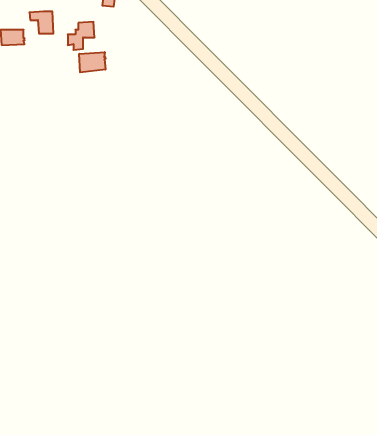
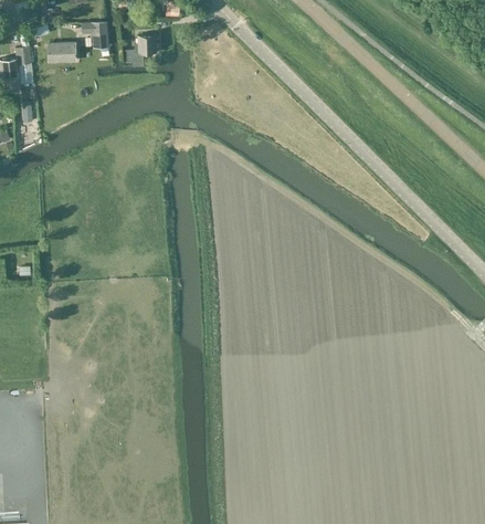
building: [79,52,105,72] -> none

